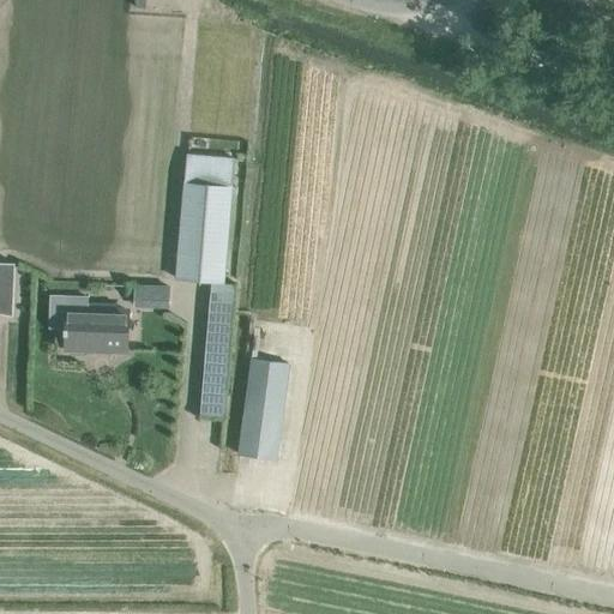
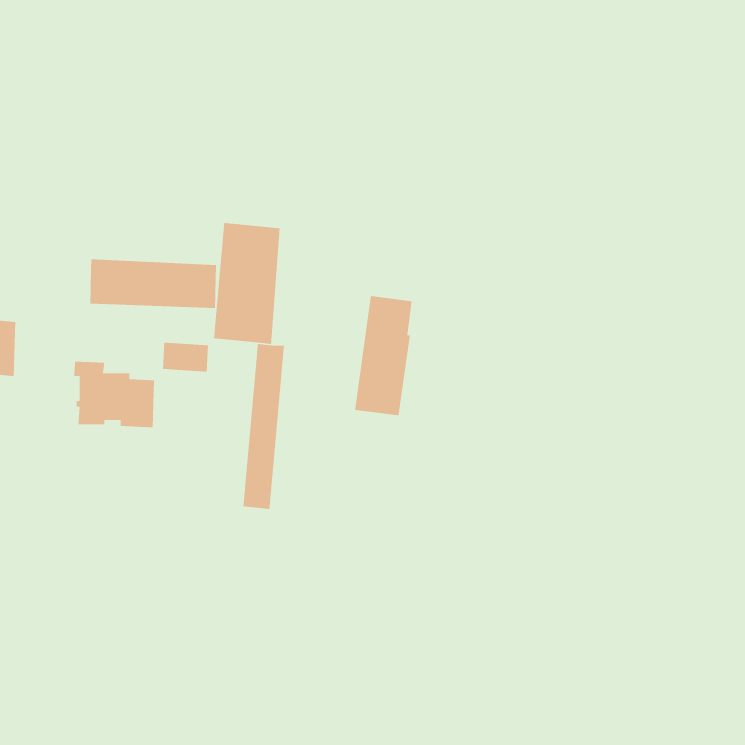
building: [183,156,233,188] -> none
building: none -> [90,258,217,309]
building: [237,361,285,460] -> [354,295,412,416]

